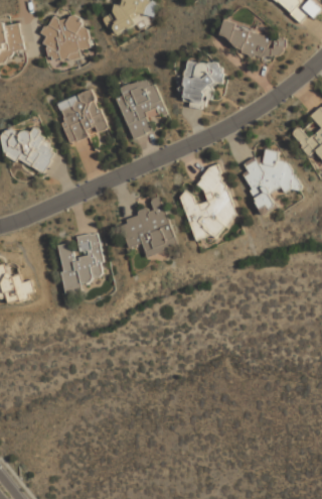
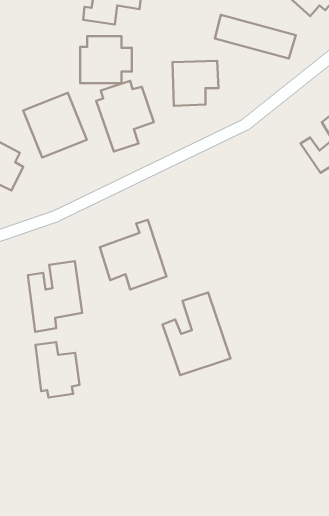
building: [43,18,88,58] -> [80,36,132,83]
building: [243,149,298,216] -> none
building: [179,168,237,239] -> [162,293,231,375]
building: none -> [36,342,79,398]

